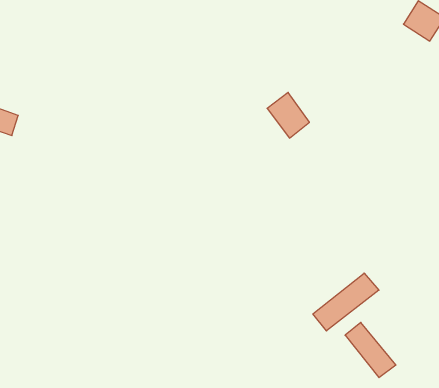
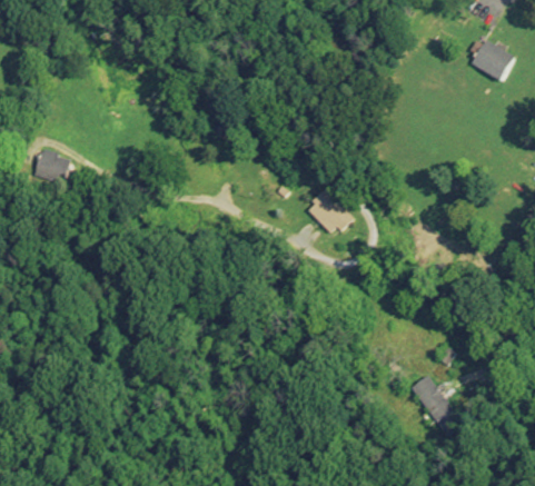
building: [267,92,309,138] -> [306,187,350,235]
building: [313,273,379,331] -> none

